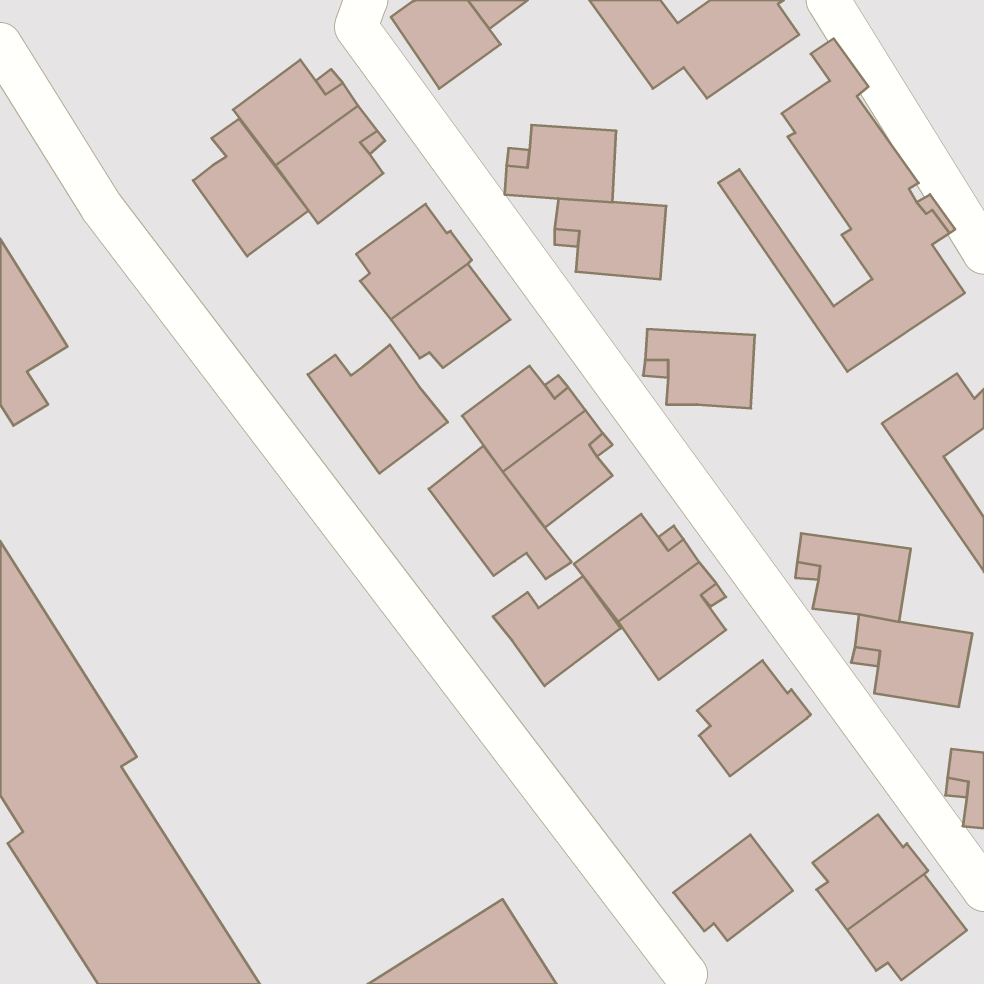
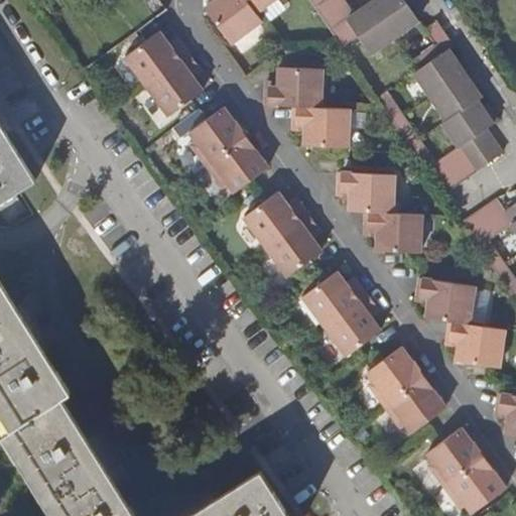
building: [193,119,309,256] -> none
building: [308,345,448,473] -> none
building: none -> [364,212,421,254]
building: [429,446,571,579] -> none
building: [493,576,621,686] -> none
building: [673,835,793,941] -> [382,376,444,431]

